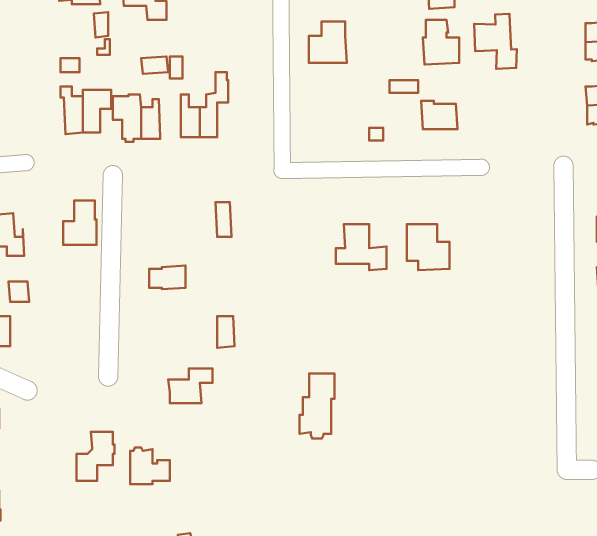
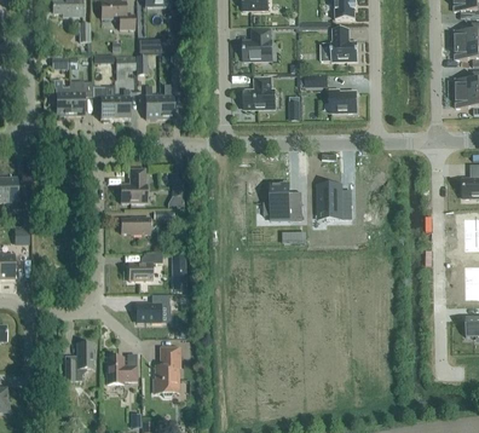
building: [474,14,517,69] -> none
building: none -> [244,77,275,109]
building: [63,201,96,245] -> [121,168,146,202]
building: none -> [128,253,162,279]
building: [300,374,334,438] -> [154,346,180,396]

